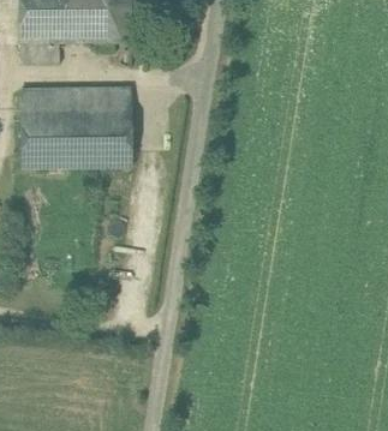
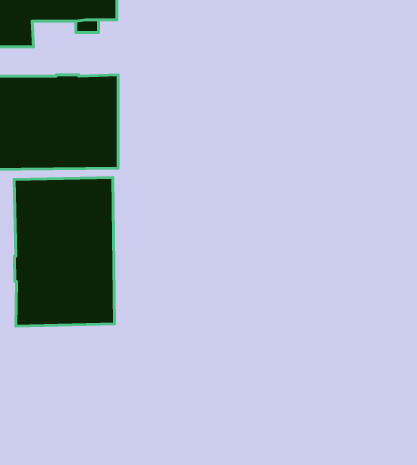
building: none -> [14,177,115,326]

